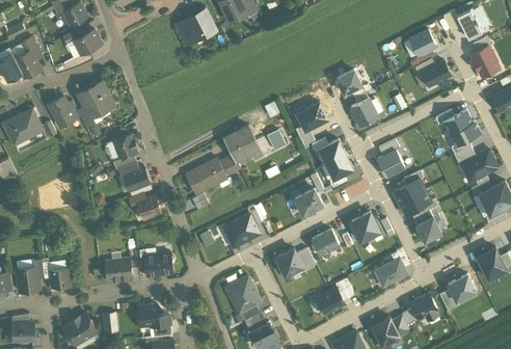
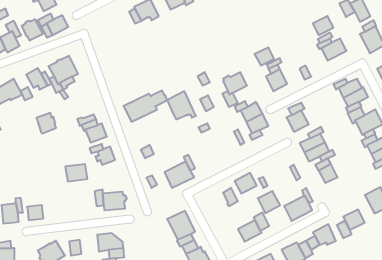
building: none -> [22,19,43,41]
building: [112,134,137,160] -> [36,113,56,133]
building: [185,155,240,194] -> [123,90,167,122]
building: [294,189,322,215] -> none
building: [350,213,378,241] -> [258,191,280,213]
building: [275,248,302,278] -> none
building: [104,259,132,280] -> [65,164,87,181]

